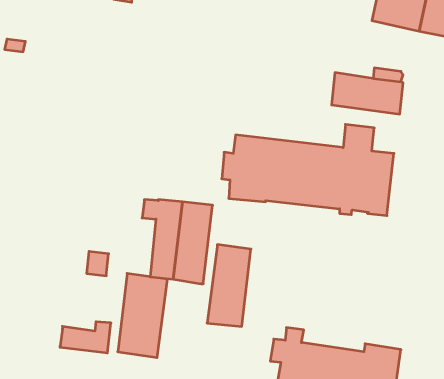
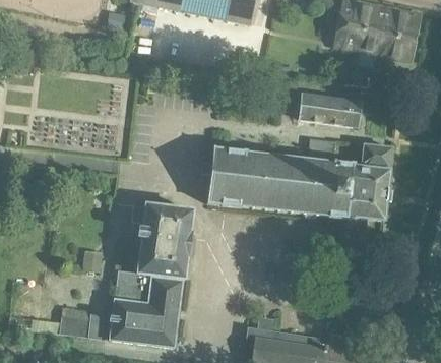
building: none -> [345,143,392,233]
building: [207,245,251,326] -> [144,274,183,346]

